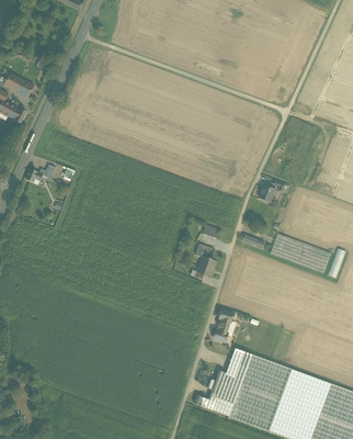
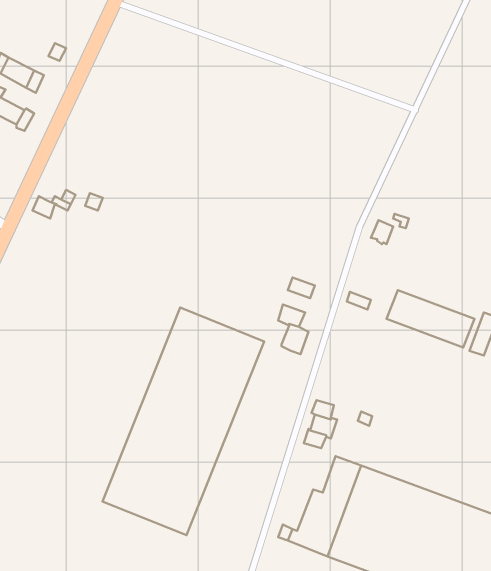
building: none -> [103,308,264,535]

